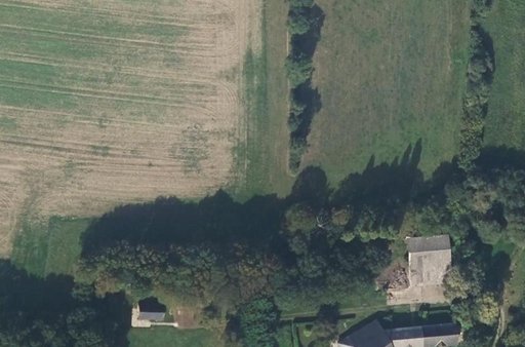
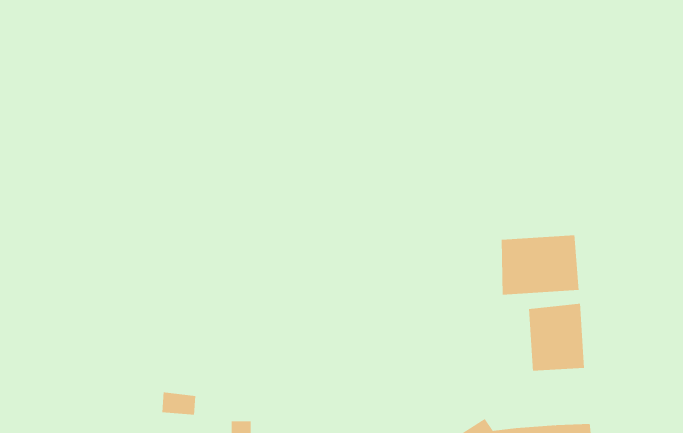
building: none -> [501,235,579,295]

